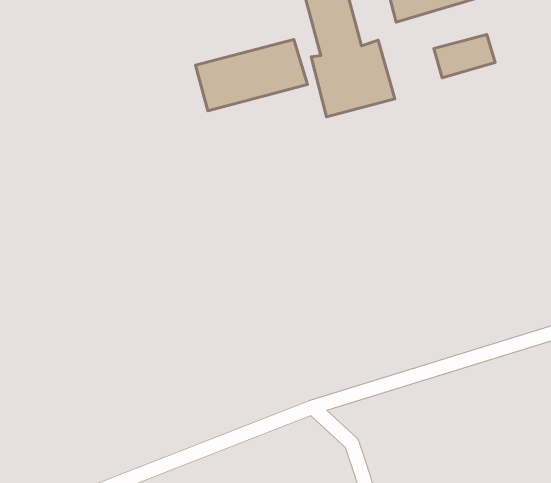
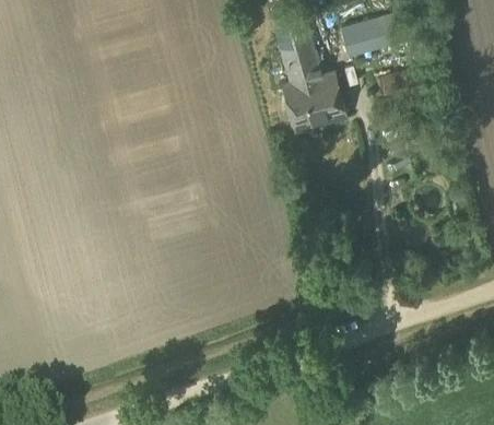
building: [196,40,308,111] -> none

